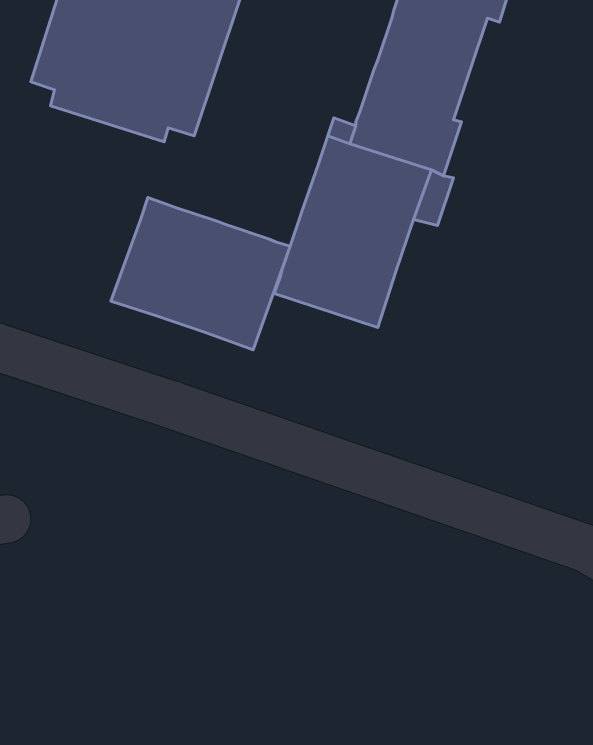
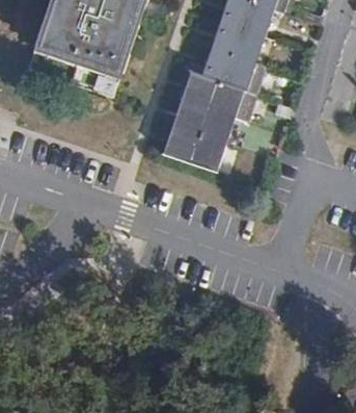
building: [111,198,290,350] -> none

